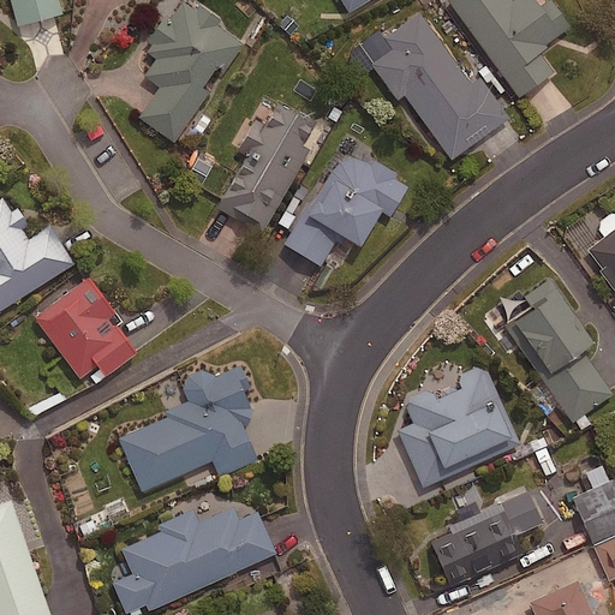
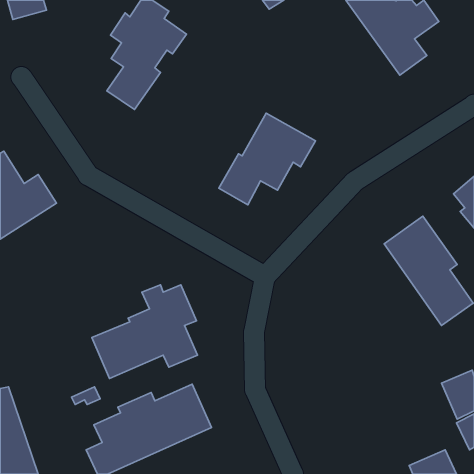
building: [371,12,506,159] -> none
building: [219,107,310,233] -> none
building: [32,276,135,378] -> none
building: [398,360,518,486] -> none
building: [430,478,573,584] -> none

